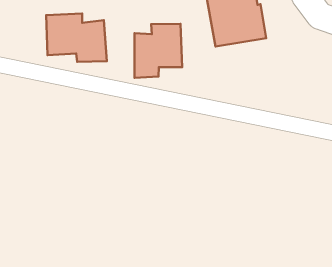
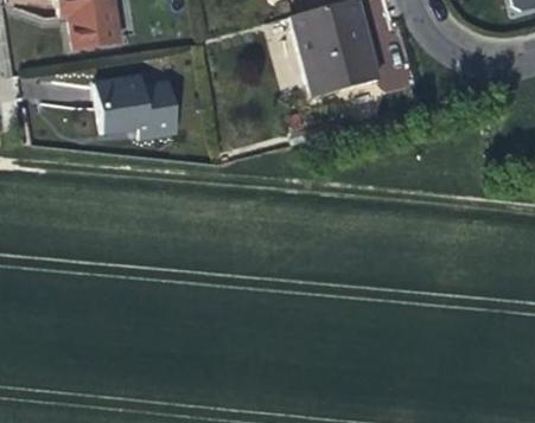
building: [134,24,182,78] -> none

